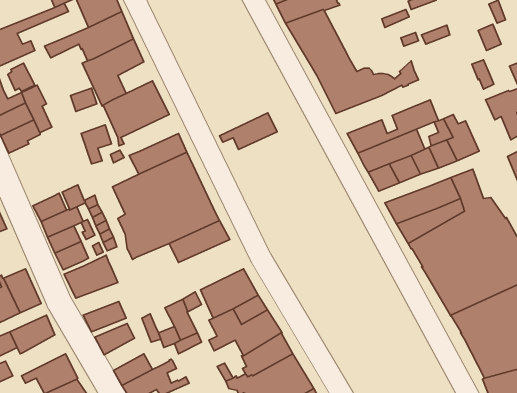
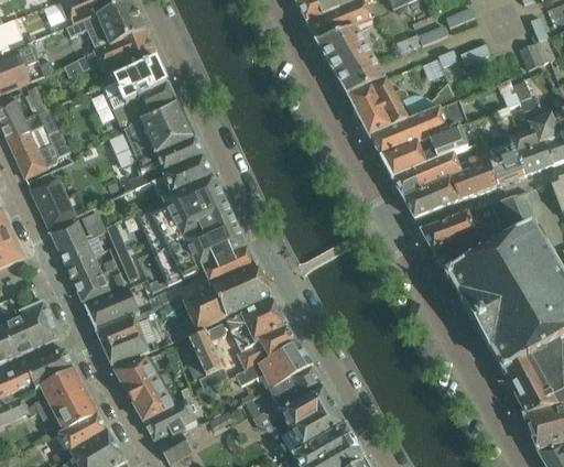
building: none -> [141,84,177,117]
building: none -> [370,108,454,159]
building: none -> [498,109,554,176]
building: [220,113,277,150] -> [144,139,205,177]
building: none -> [32,178,77,230]
building: none -> [180,270,272,338]
building: none -> [97,313,149,349]
building: none -> [34,370,86,413]
building: none -> [127,373,169,408]

